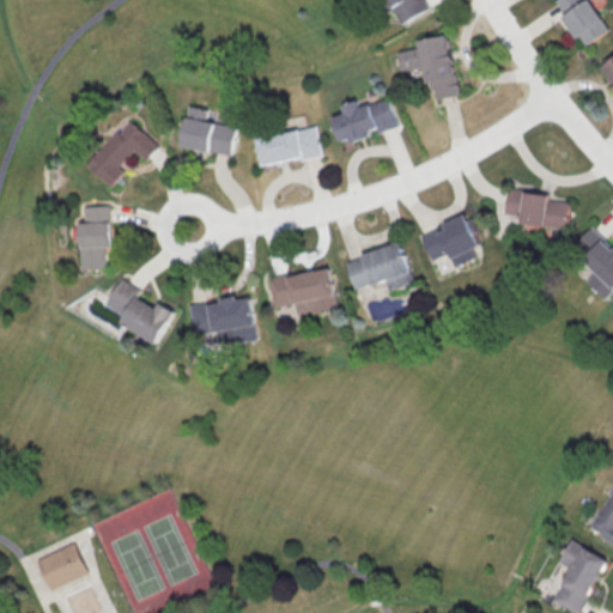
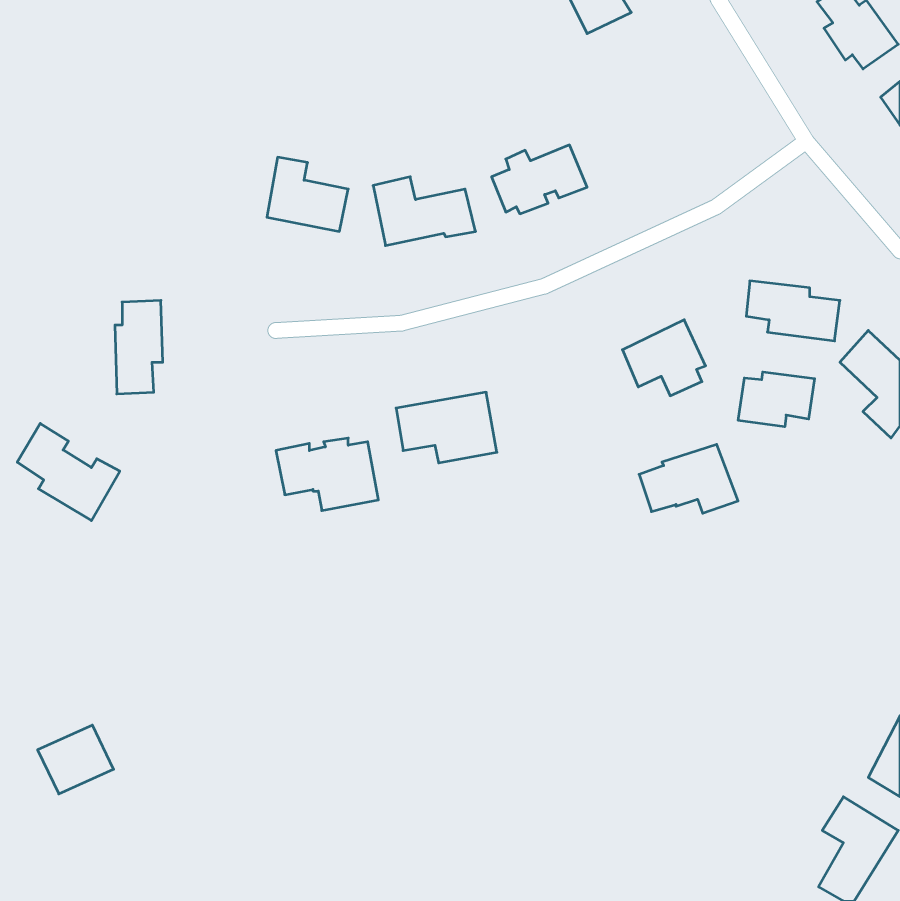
building: [396,32,456,97] -> none
building: [87,117,159,184] -> none
building: [346,244,413,291] -> [639,444,738,513]
building: none -> [738,372,815,427]
building: [104,277,174,342] -> [17,423,120,521]
building: [41,546,92,593] -> [38,725,114,794]

